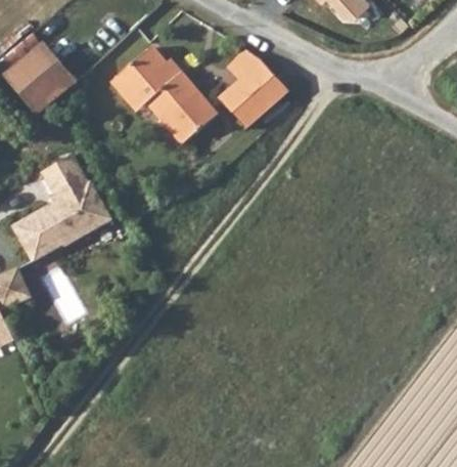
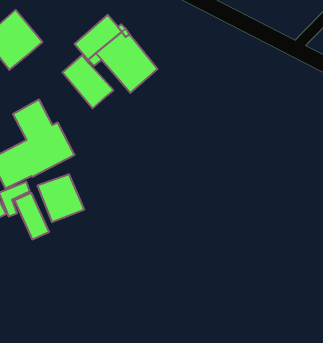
building: [214,44,287,128] -> none
building: none -> [62,55,113,108]
building: none -> [38,174,84,222]

